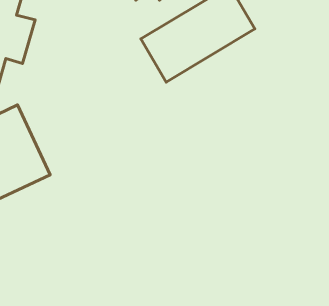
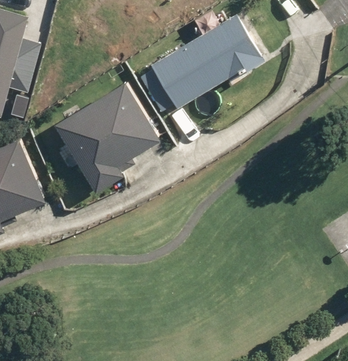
building: none -> [56,79,162,192]

